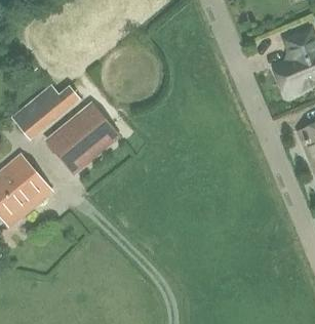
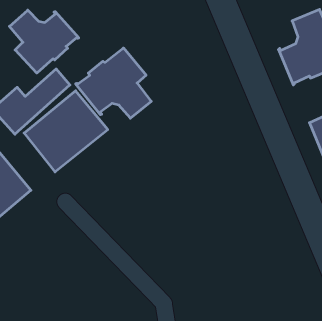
building: none -> [9,10,79,73]
building: none -> [76,48,151,118]

